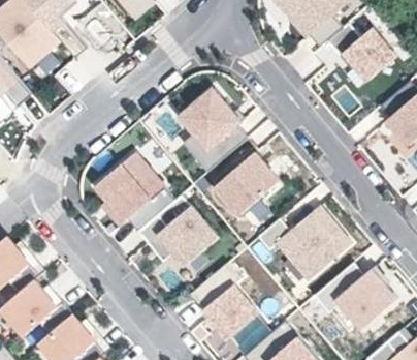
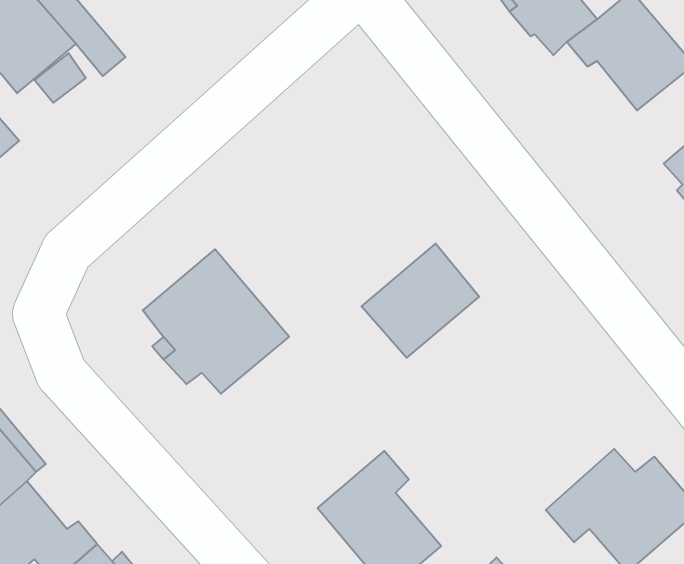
building: [178,87,246,171] -> none
building: [137,197,217,266] -> none
building: [256,207,350,281] -> none

